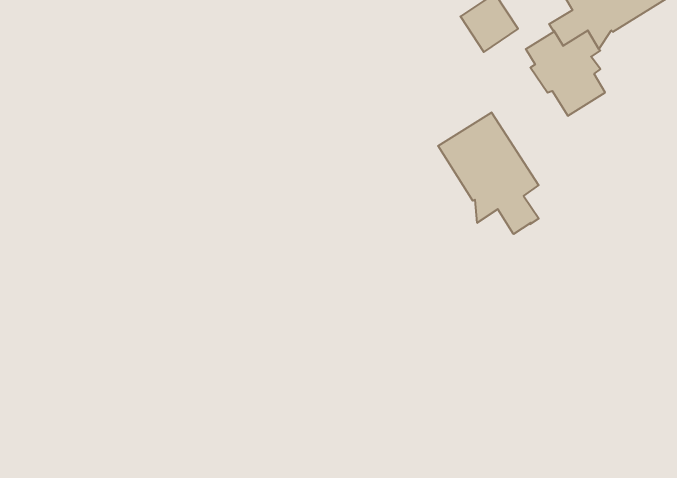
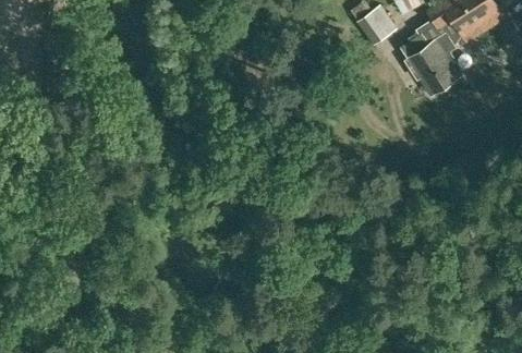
building: [438,112,539,234] -> none

